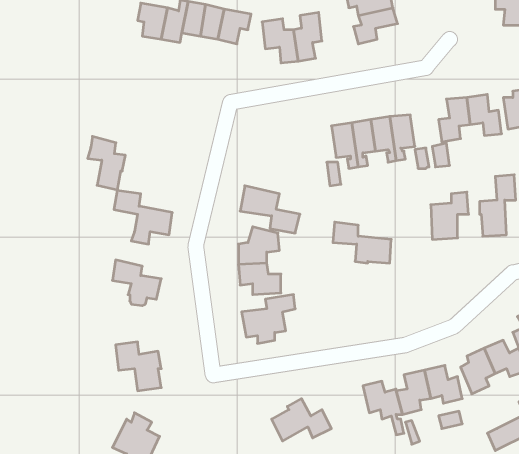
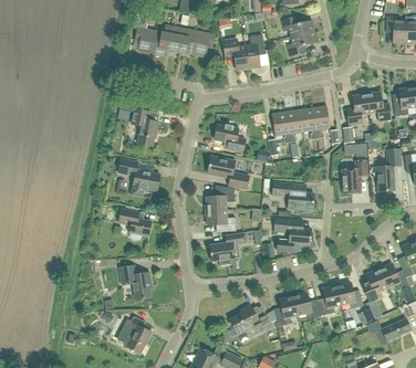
building: [88,136,125,190] -> [131,108,157,146]
building: none -> [214,125,246,151]
building: none -> [274,218,311,252]
building: none -> [273,296,298,326]

